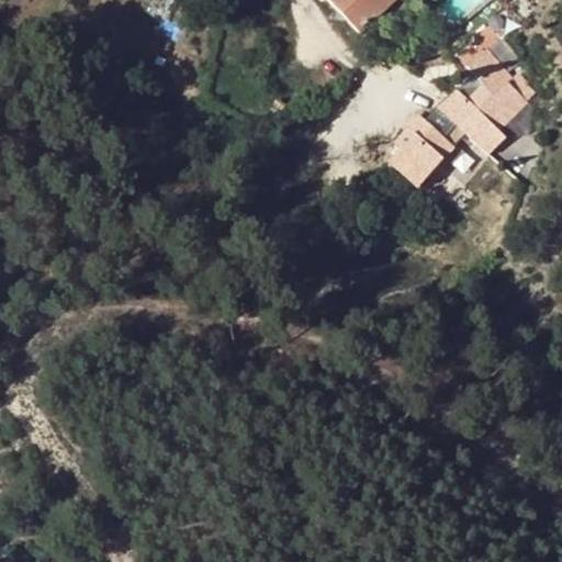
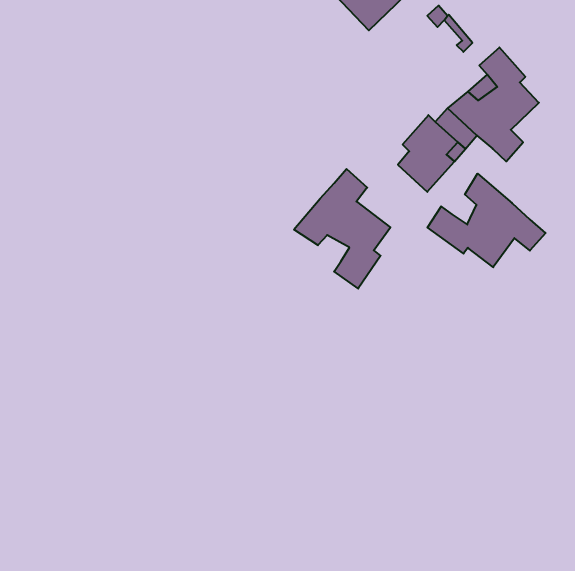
building: none -> [294,169,390,289]
building: none -> [427,174,546,267]

